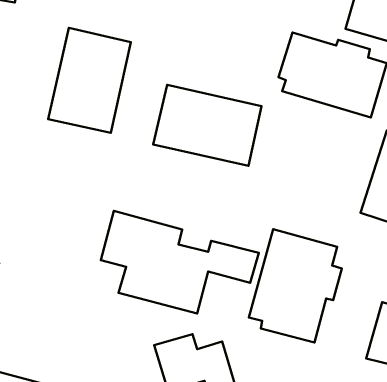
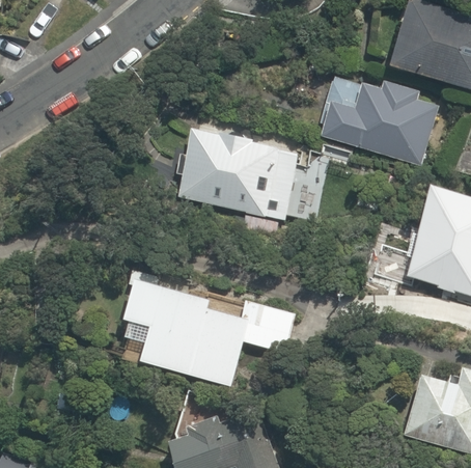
building: [48,28,131,133] -> none
building: [249,229,342,342] -> none

